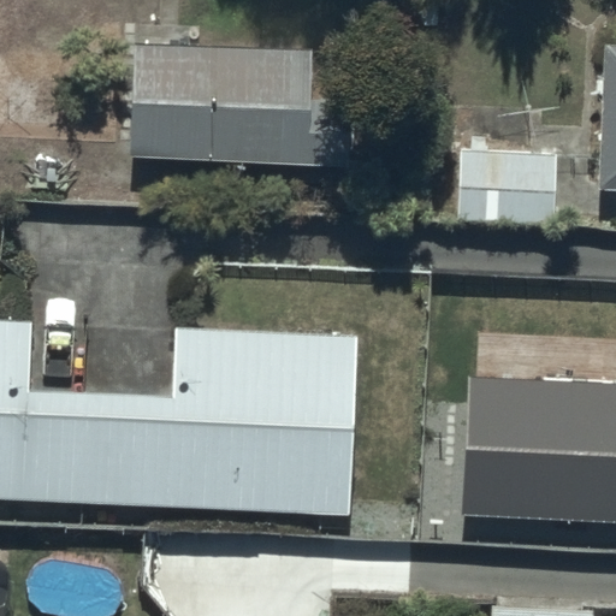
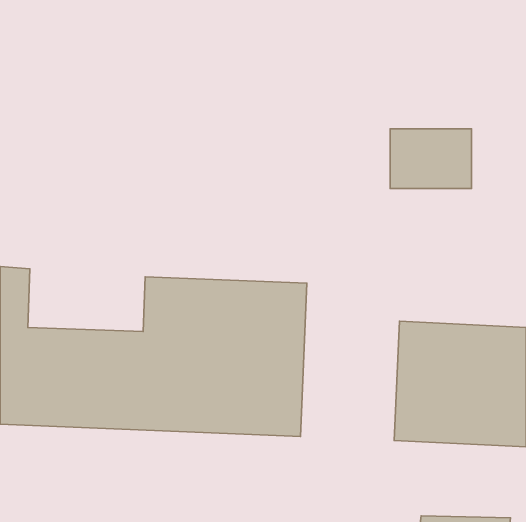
building: [134,42,356,164] -> none

